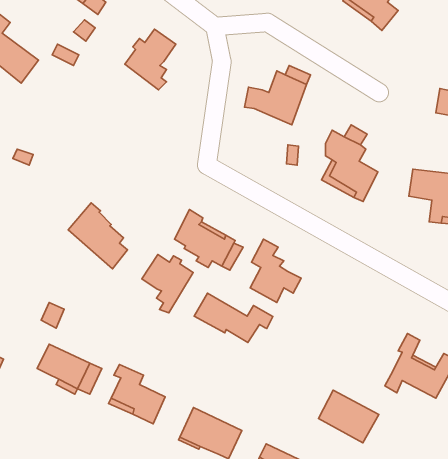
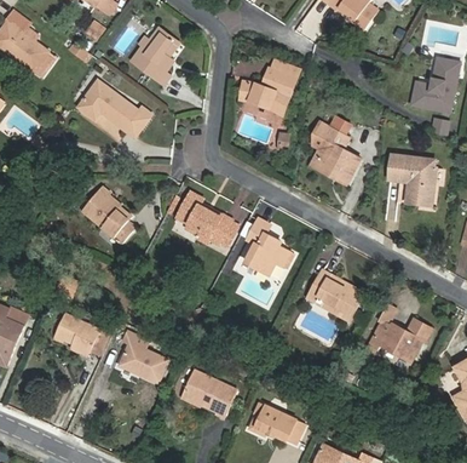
building: none -> [77,80,151,138]
building: [142,254,193,313] -> none
building: [194,293,273,343] -> none
building: [318,390,379,443] -> [307,271,362,319]

